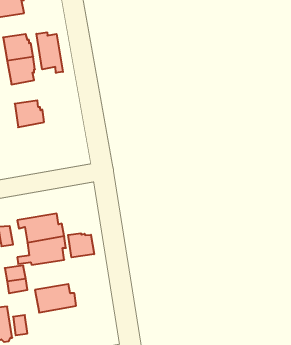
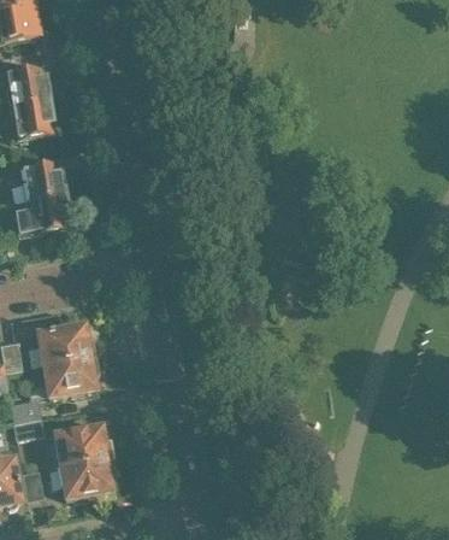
building: [36,32,63,73] -> none
building: none -> [16,190,69,234]
building: [68,233,94,257] -> none
building: none -> [58,454,114,497]

